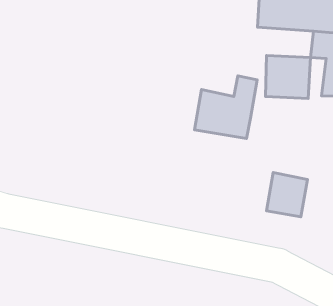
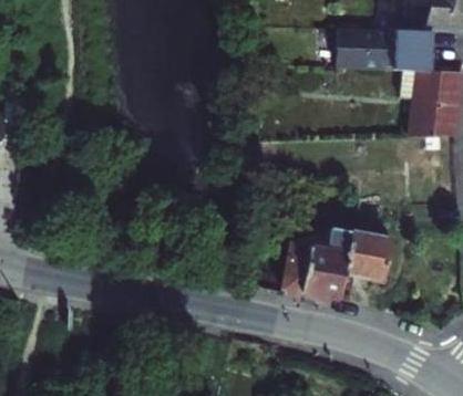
building: [265,55,311,99] -> none
building: [195,76,257,139] -> [282,227,353,298]

